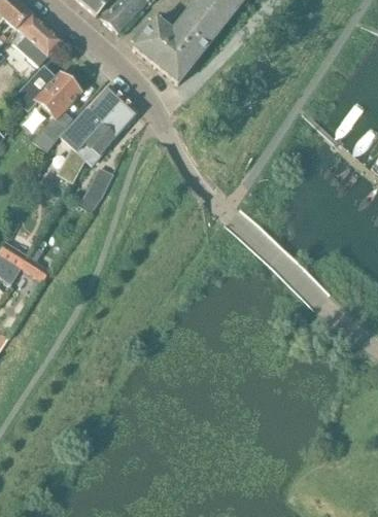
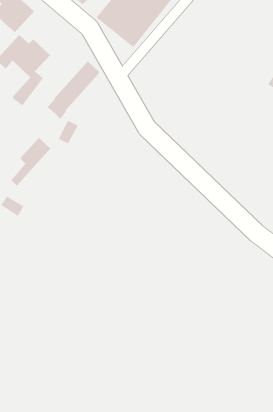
building: [75,83,123,141] -> [11,137,51,186]

